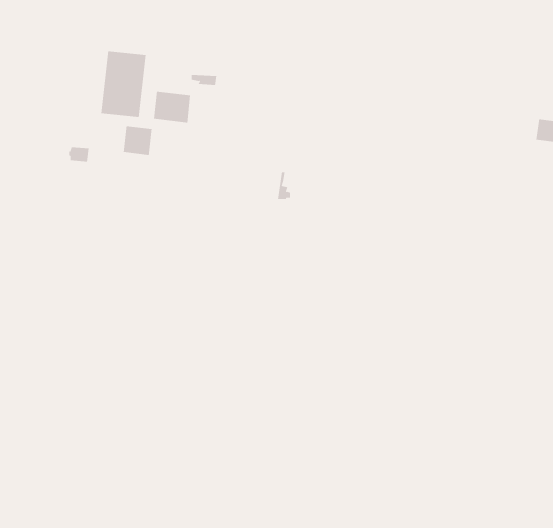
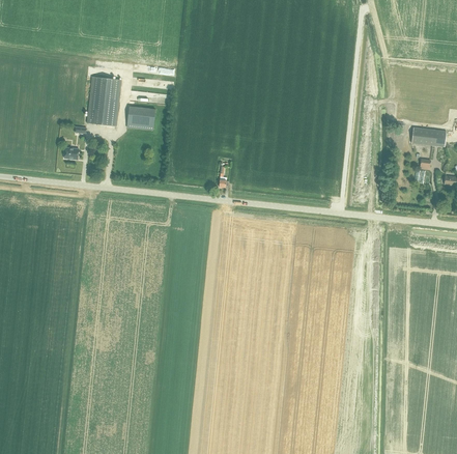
building: [123,125,152,156] -> none

